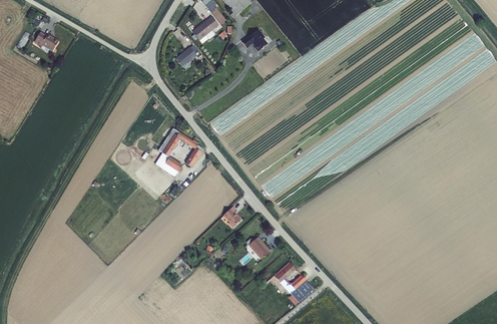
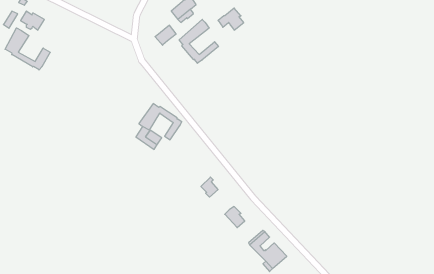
building: none -> [179,19,218,63]
building: none -> [5,28,50,70]

